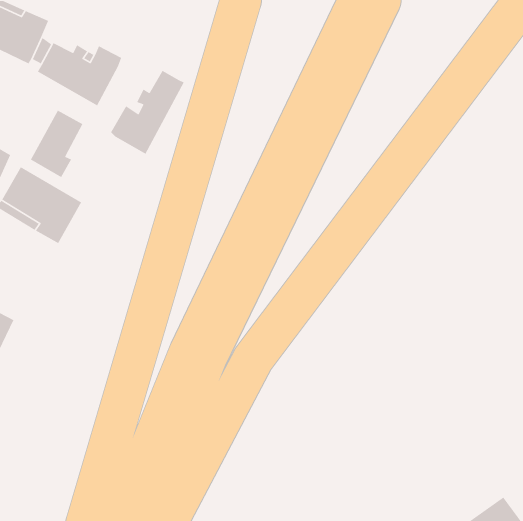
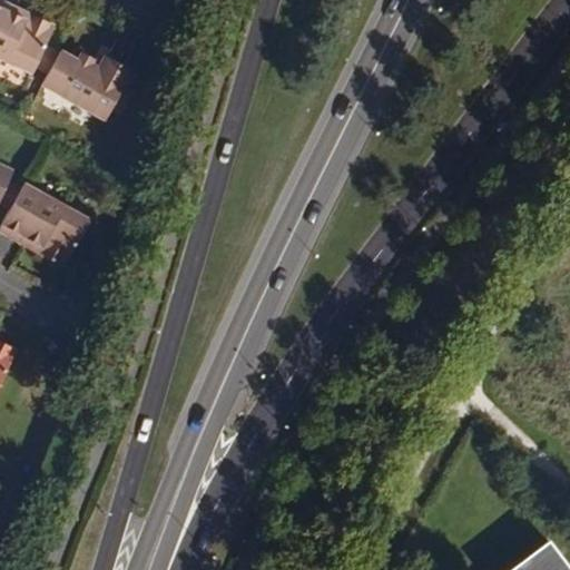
building: [110,70,185,155] -> none
building: [30,109,83,178] -> none

